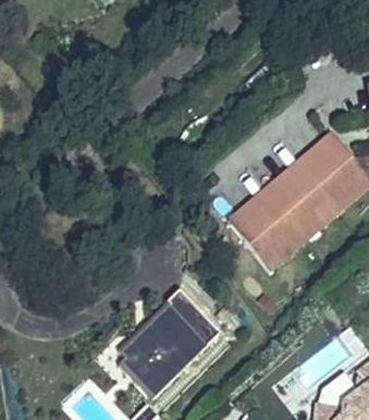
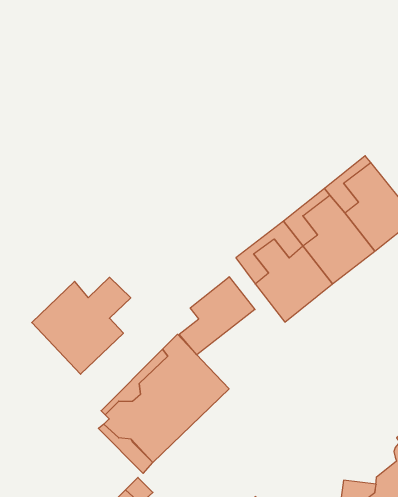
building: none -> [179,277,255,355]
building: none -> [32,277,131,374]

